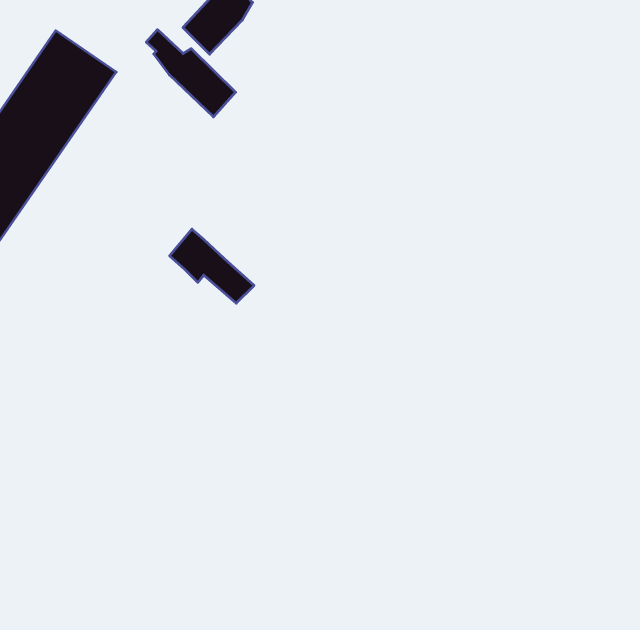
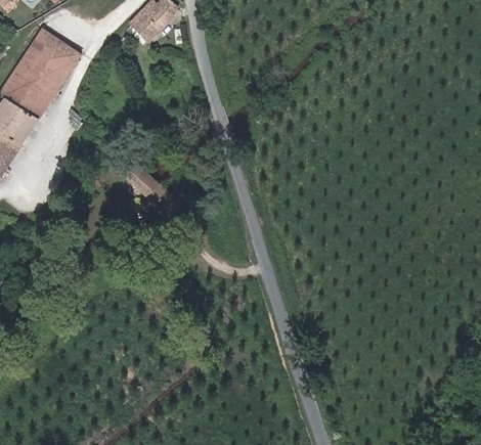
building: [146,30,236,117] -> none

